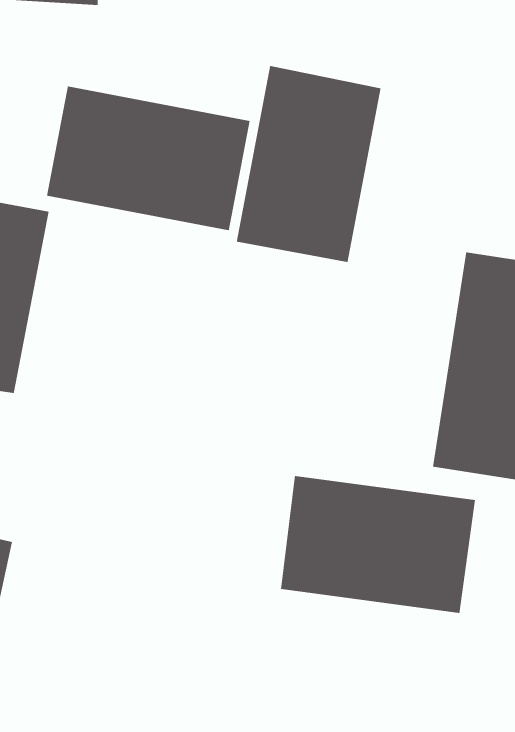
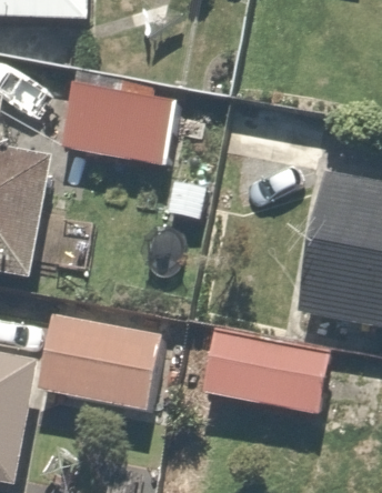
building: [236,65,381,263] -> none
building: none -> [40,314,158,408]

